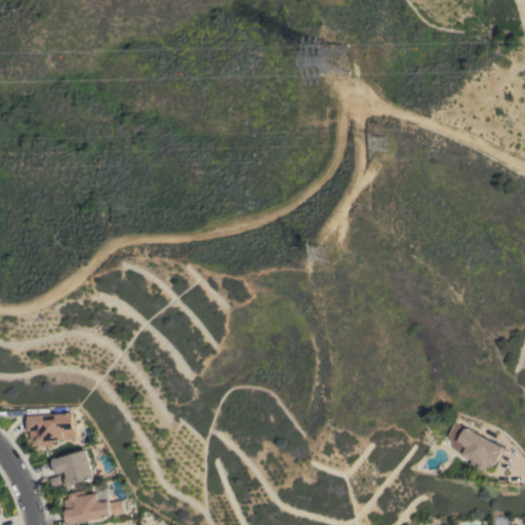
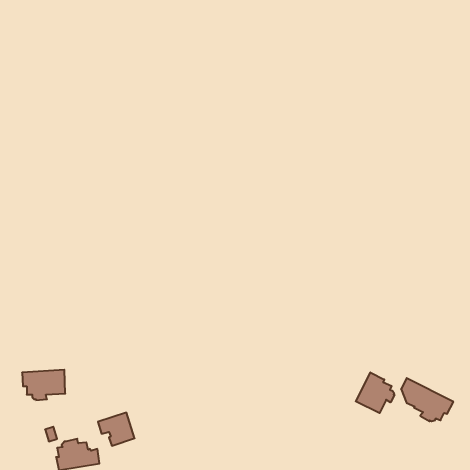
building: none -> [356,372,395,413]
building: [52,450,93,487] -> [98,413,135,446]

